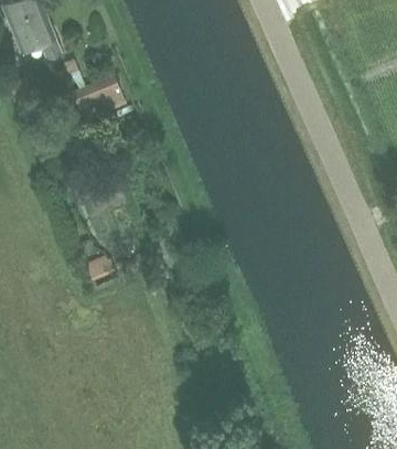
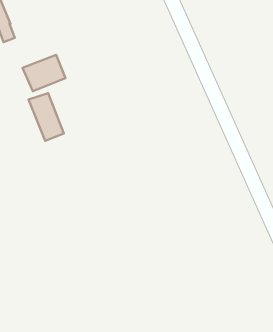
building: none -> [28,93,64,141]

